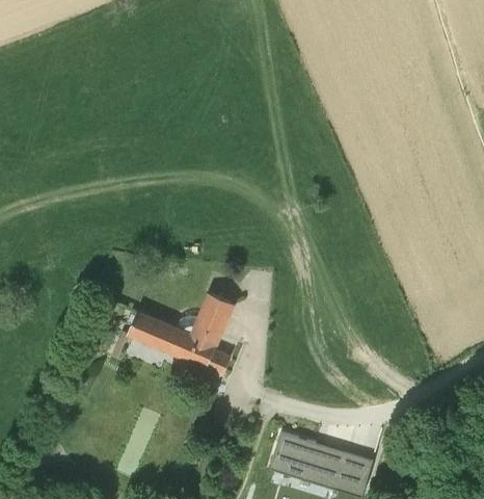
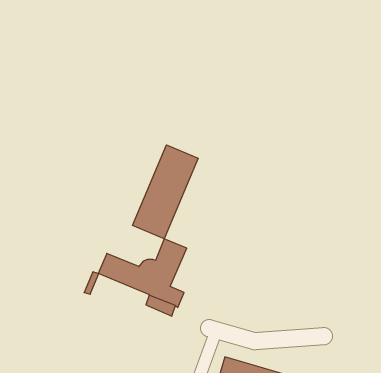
building: none -> [133,145,198,239]

